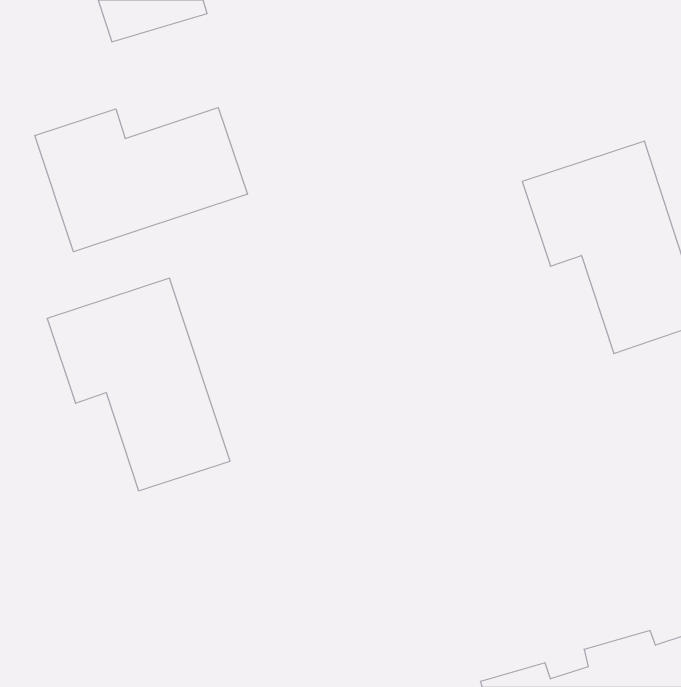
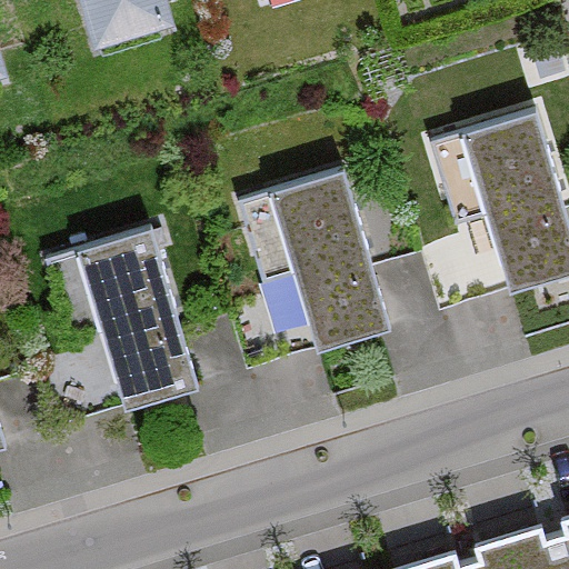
building: [35,108,248,252] -> none
building: none -> [243,176,395,352]

